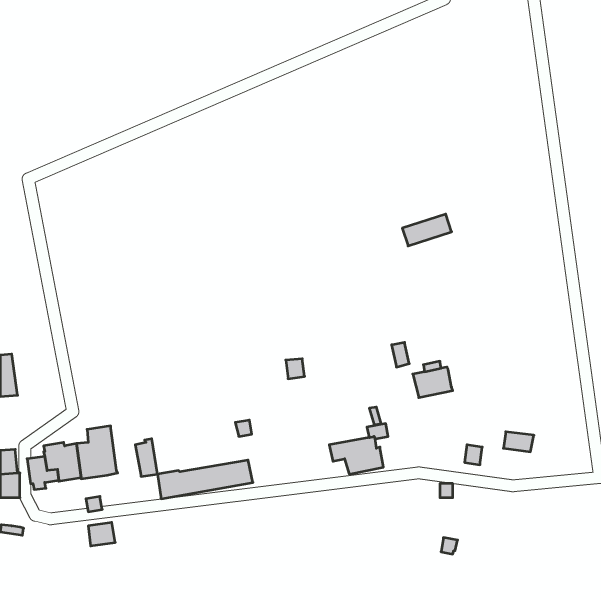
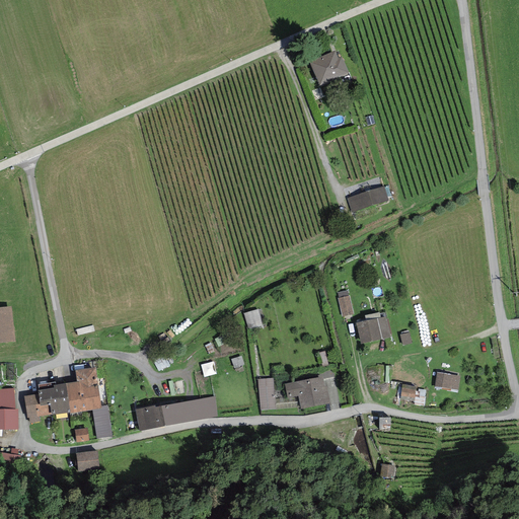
building: none -> [309,50,349,84]
building: none -> [258,377,275,409]
building: [135,439,158,476] -> [92,404,112,437]

